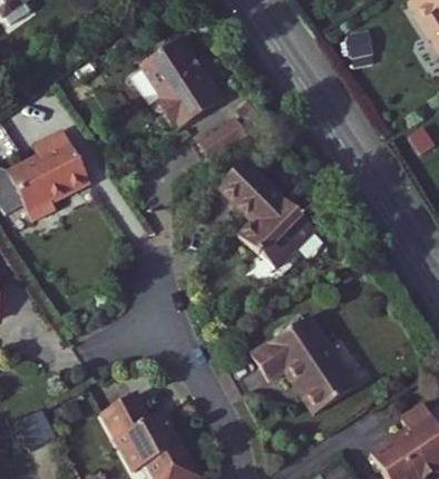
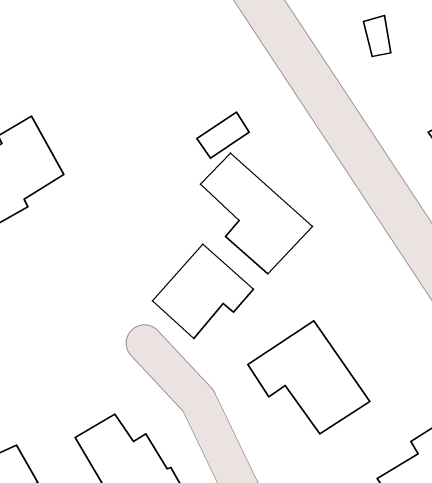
building: [131,33,220,128] -> none
building: none -> [152,244,254,338]

